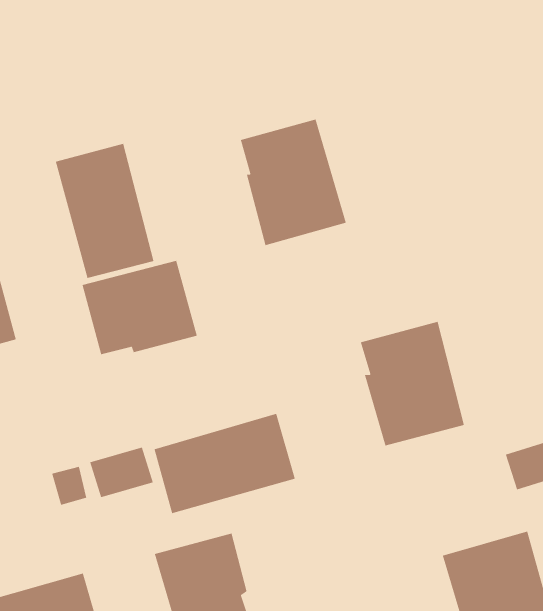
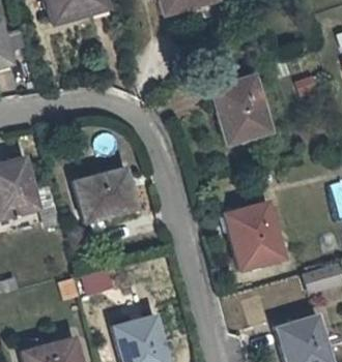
building: [240,118,347,246] -> [212,71,270,141]
building: [55,143,155,279] -> none
building: [153,413,296,514] -> none

